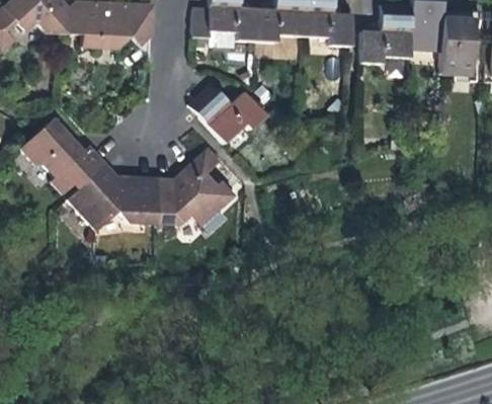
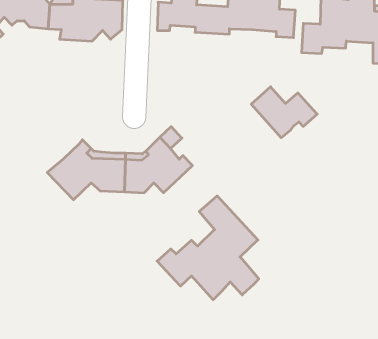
building: [190,84,266,143] -> [251,87,317,138]
building: [21,116,107,194] -> none
building: none -> [157,196,259,300]

